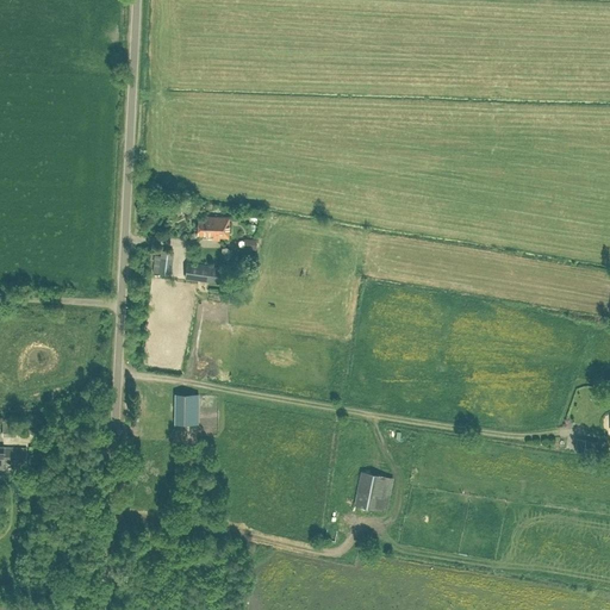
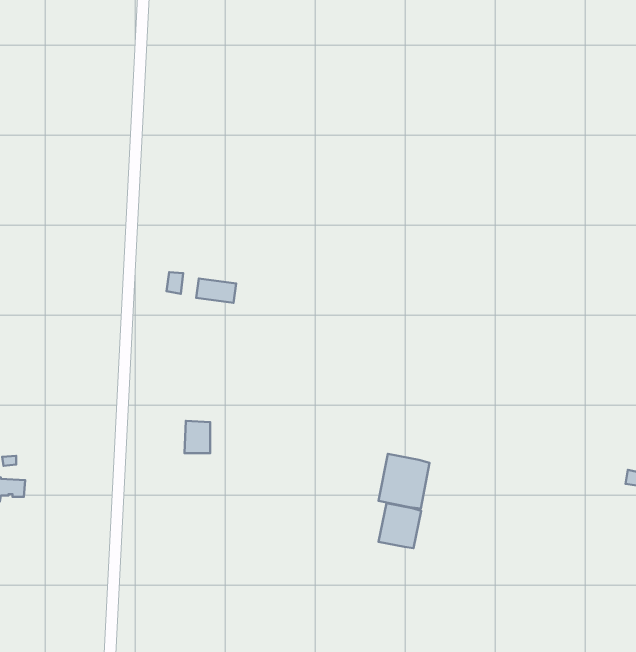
building: [195,217,228,238] -> none
building: none -> [379,454,430,508]

